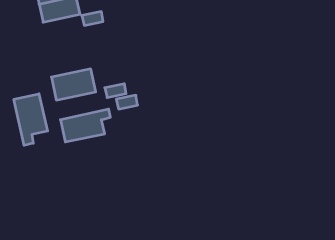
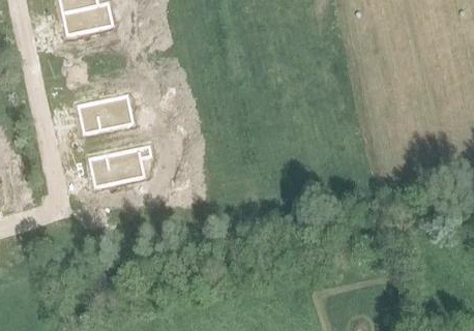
building: [14,94,48,145] -> none

